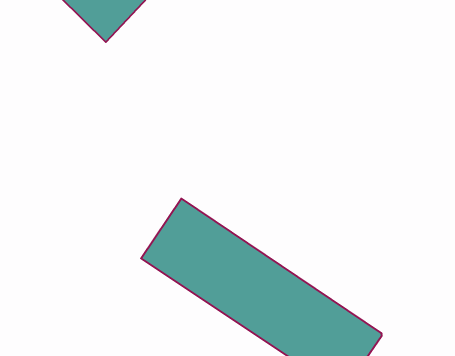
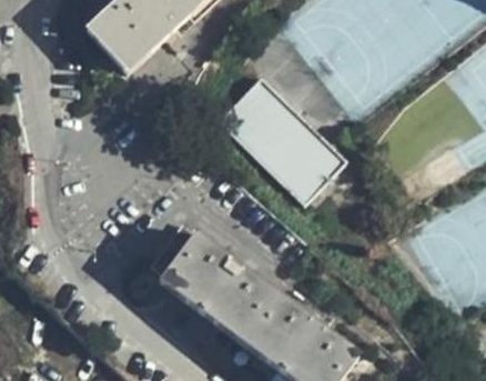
building: none -> [222,74,353,204]

